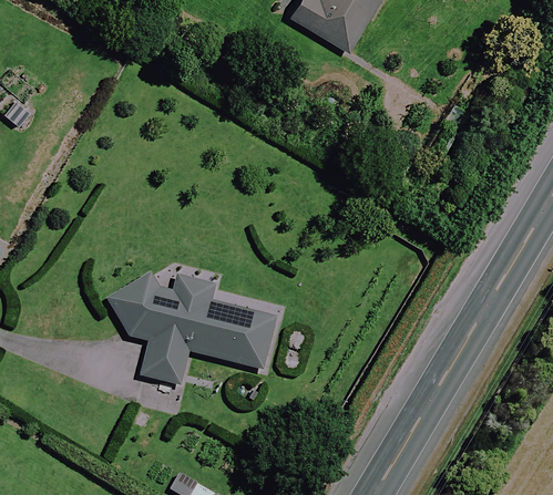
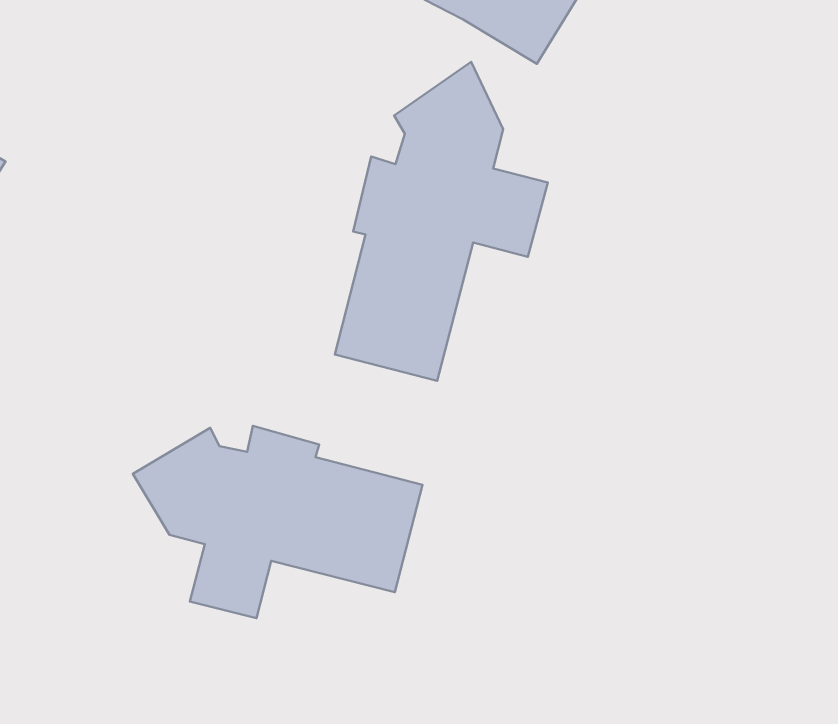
building: none -> [335,62,548,381]

